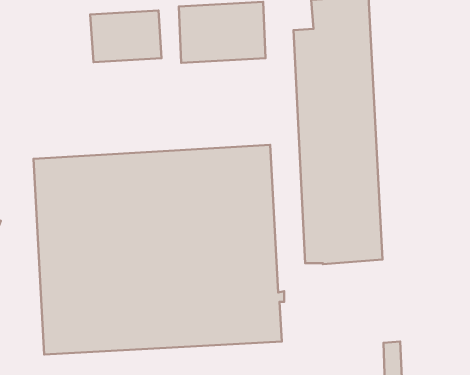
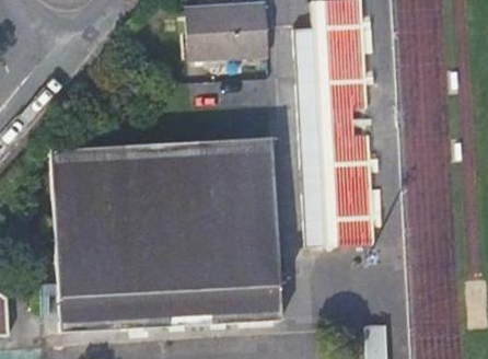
building: [90,11,162,62] -> none

